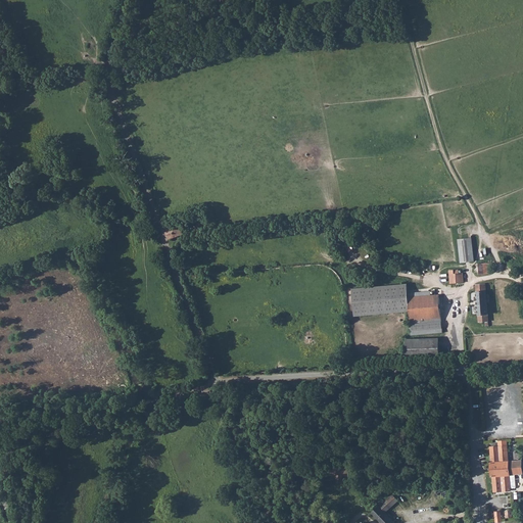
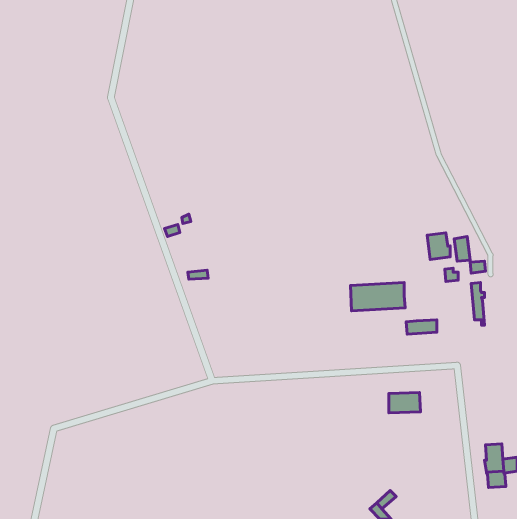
building: none -> [427,233,450,260]
building: [407,295,439,323] -> none
building: [407,338,438,359] -> [389,392,420,413]

